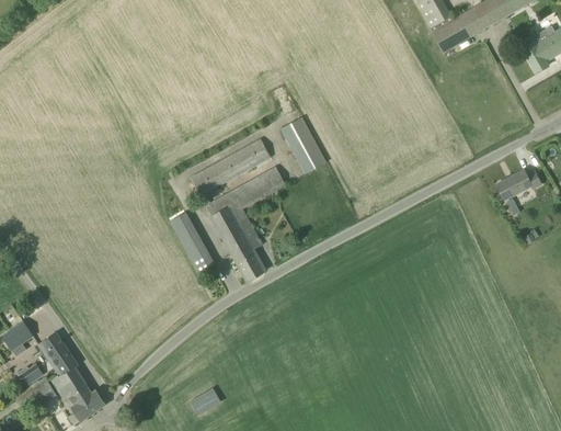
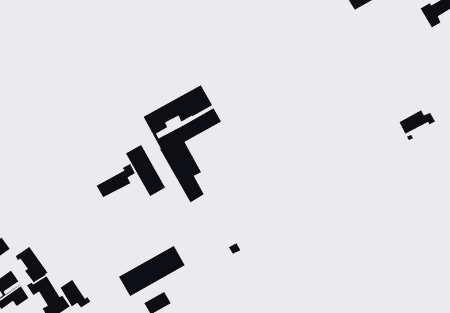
building: [279,117,325,174] -> none
building: none -> [95,163,136,198]
building: none -> [118,245,186,297]
building: none -> [60,279,92,309]

